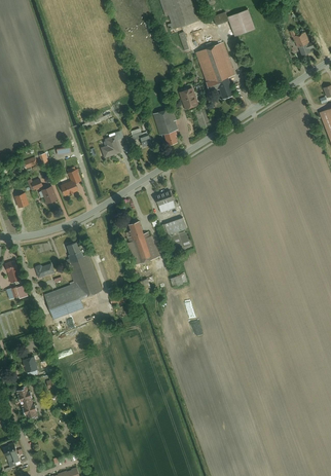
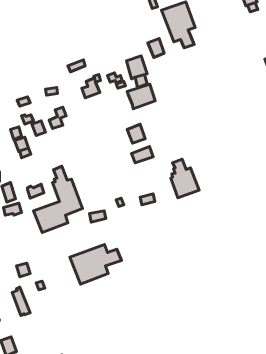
building: none -> [127,84,155,109]
building: [125,220,159,266] -> [171,159,199,198]
building: none -> [70,245,122,284]

